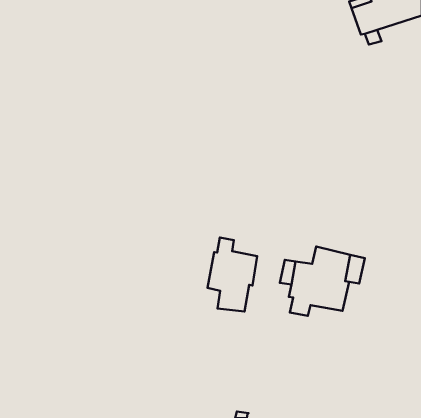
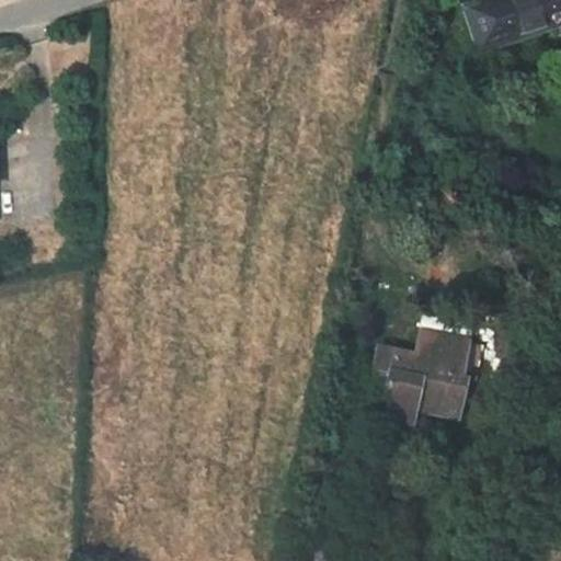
building: [207,238,257,311] -> none

